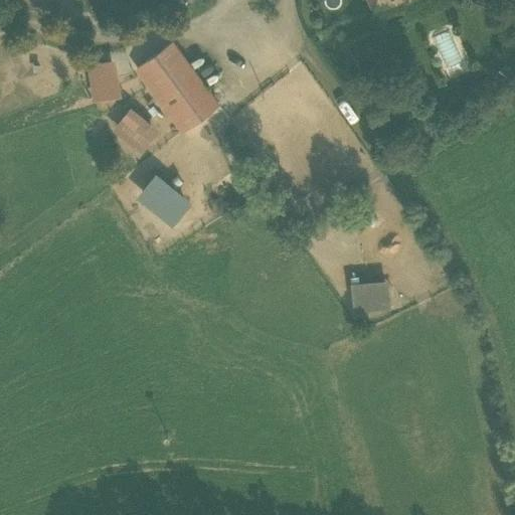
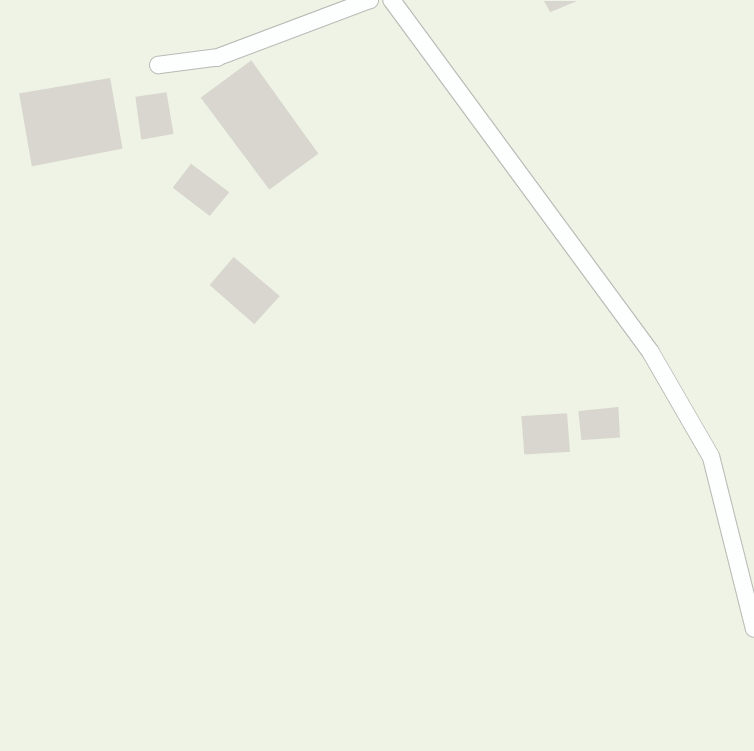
building: none -> [18,77,124,167]
building: none -> [578,406,621,441]

